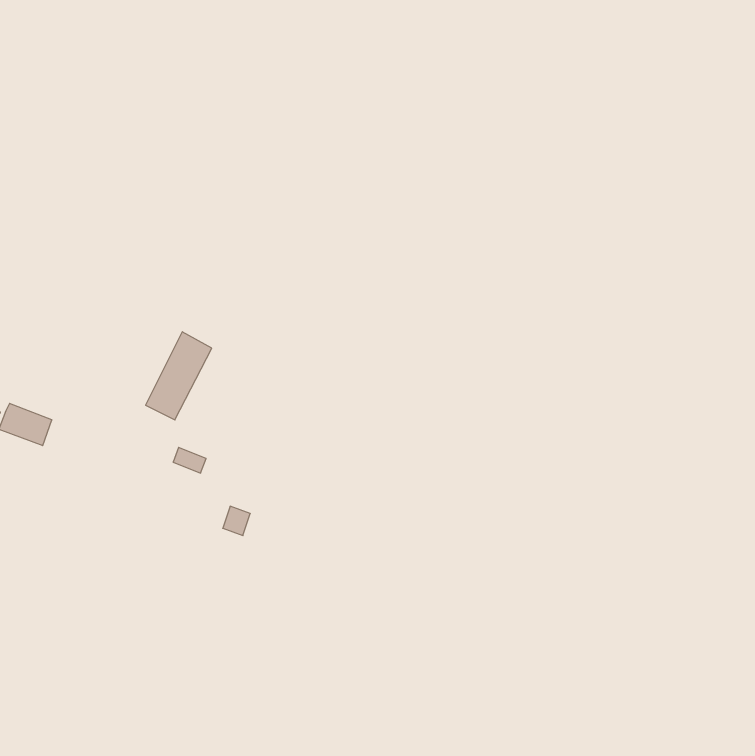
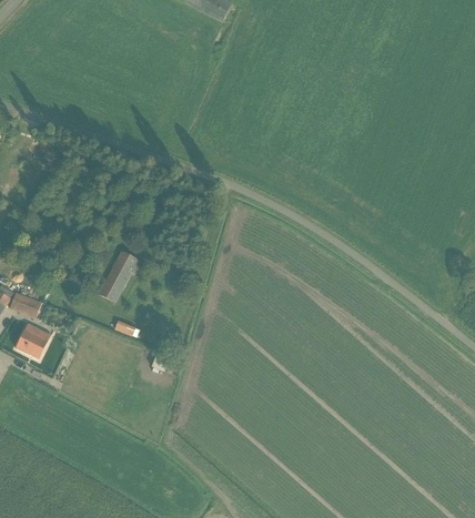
building: none -> [16,323,51,358]

